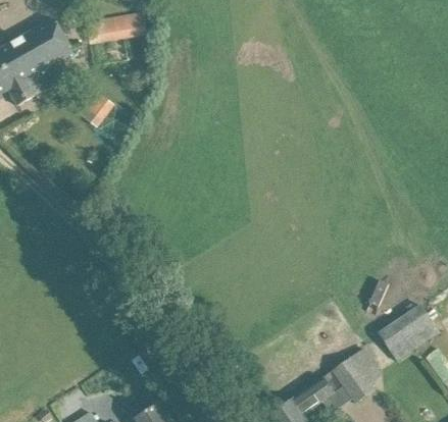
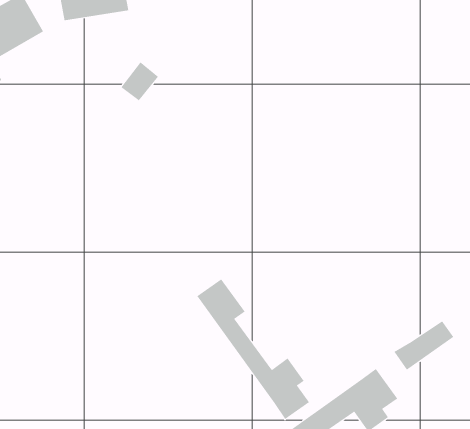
building: [80,92,113,126] -> [120,62,159,101]
building: none -> [196,278,310,420]

